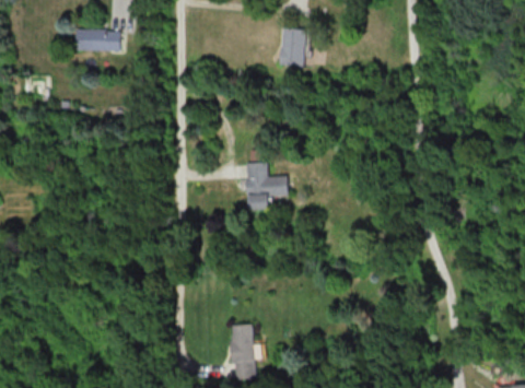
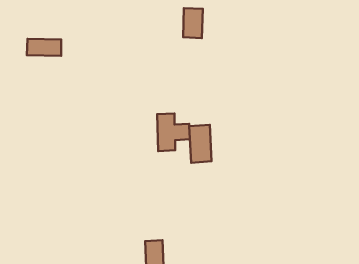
building: [75,30,119,51] -> [27,39,61,56]
building: none -> [189,125,212,163]

